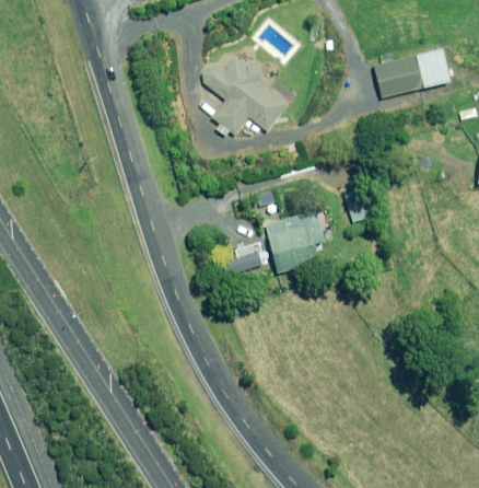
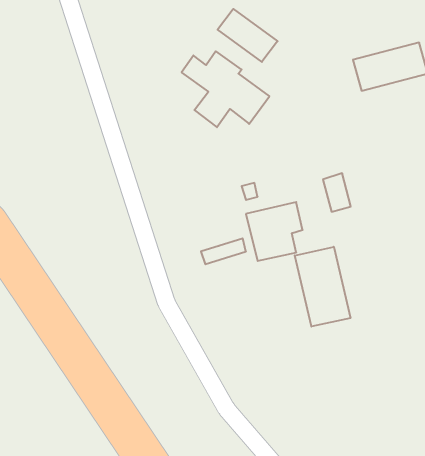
building: none -> [218,9,278,62]
building: none -> [295,247,350,327]

